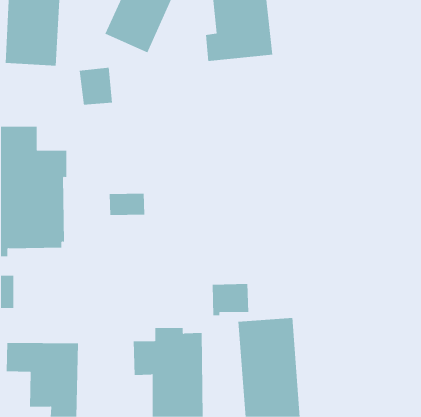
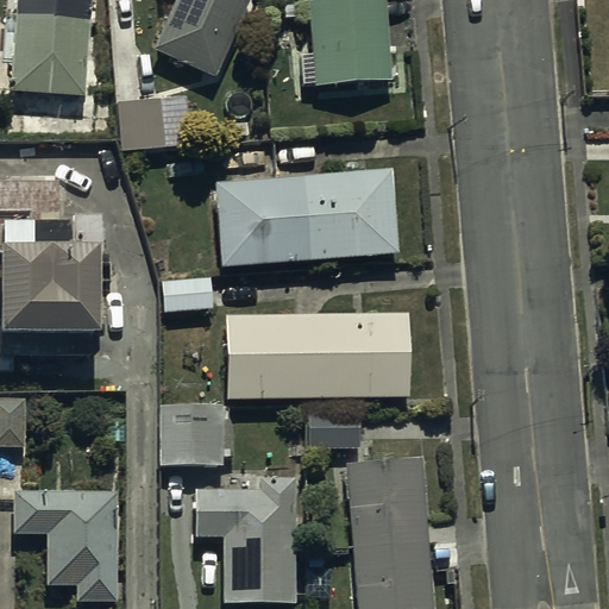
building: none -> [215,169,398,269]
building: none -> [225,314,409,400]
building: none -> [161,407,237,465]

